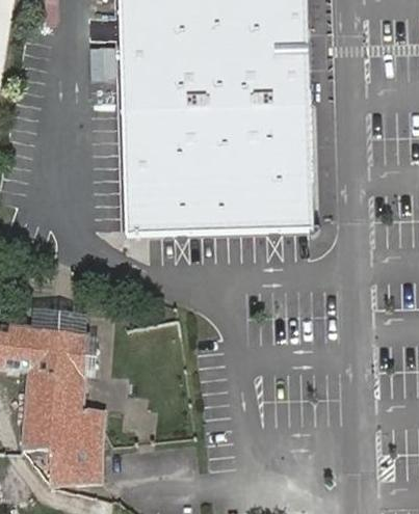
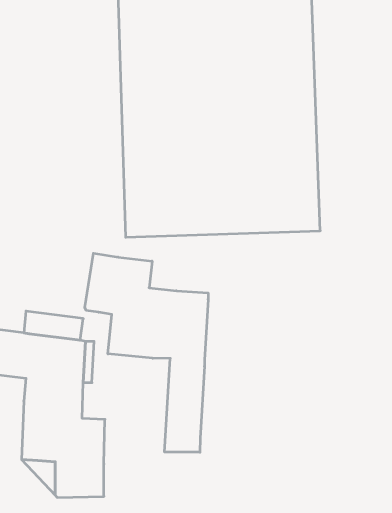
building: none -> [85,253,208,452]

